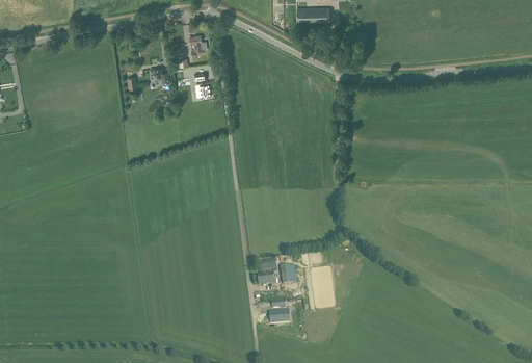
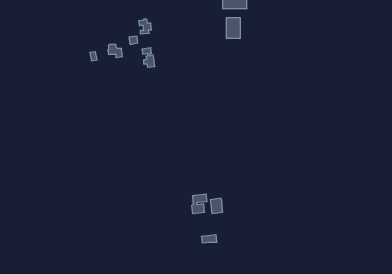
building: none -> [226,18,240,39]

